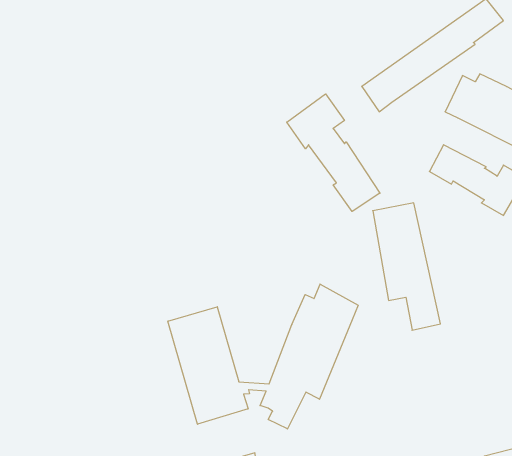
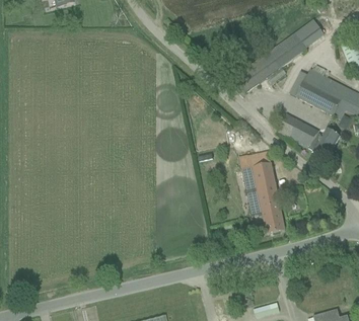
building: [287,94,380,211] -> none
building: [168,284,358,429] -> none

